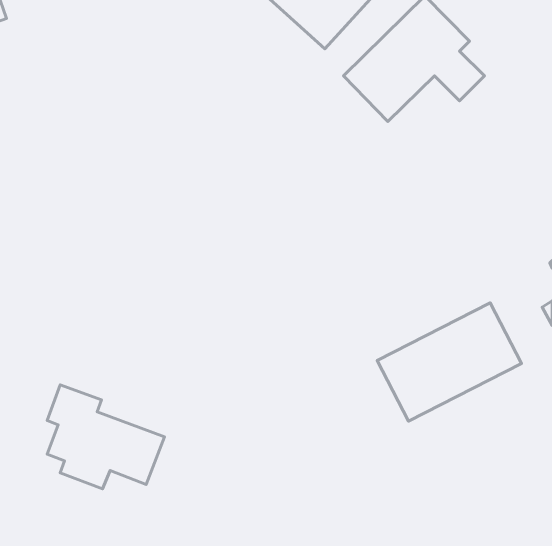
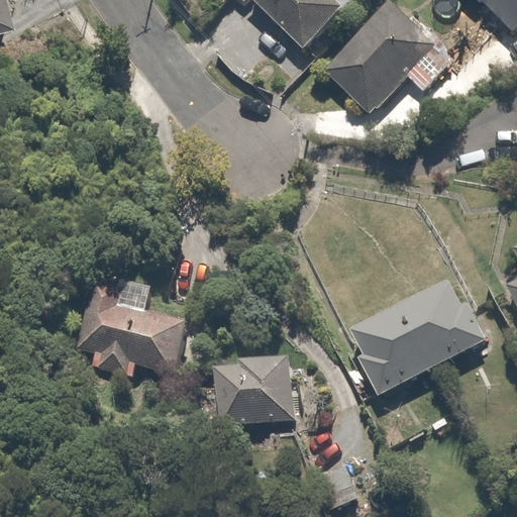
building: [47,385,165,489] -> [78,276,187,373]
building: none -> [214,365,302,422]

